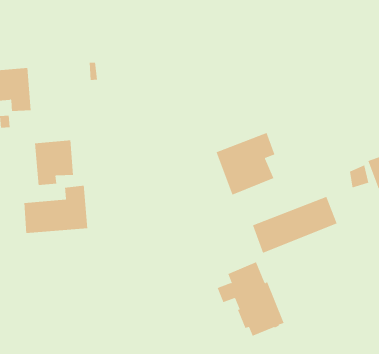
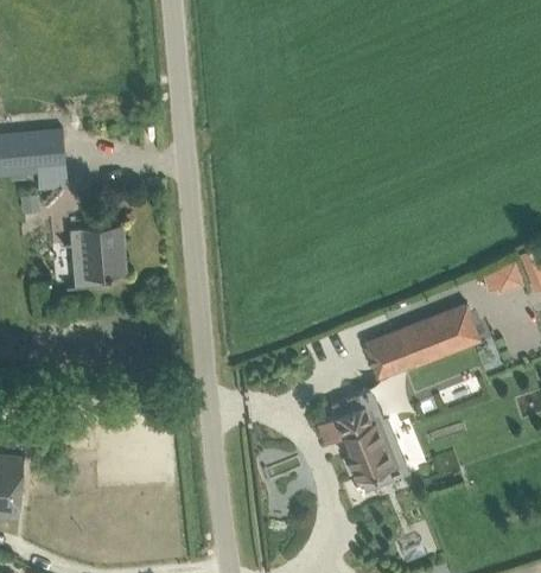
building: [216,132,275,195] -> none
building: [24,185,88,234] -> none

